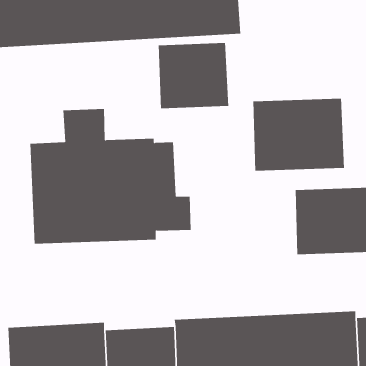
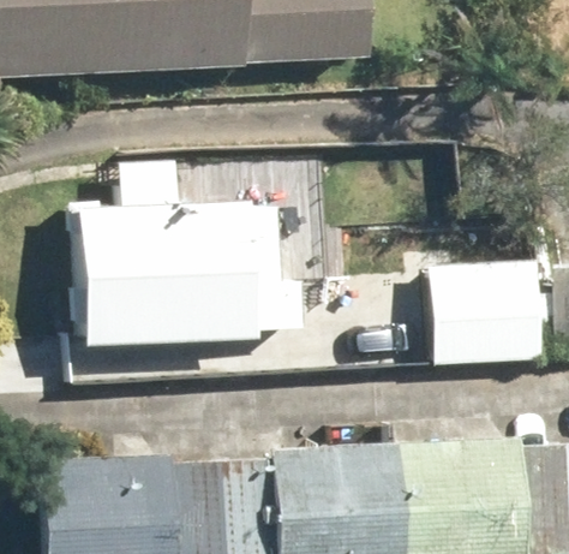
building: [158,42,229,109] -> none
building: [253,98,344,172] -> none

